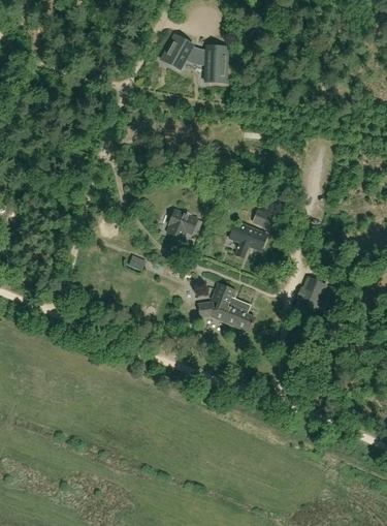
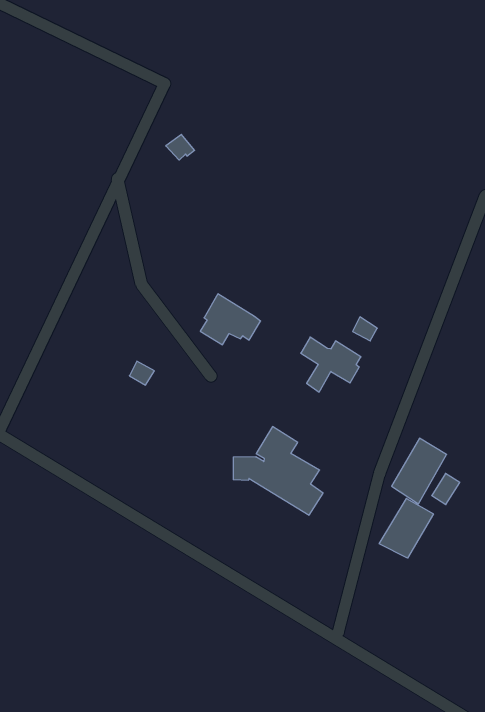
building: [163,35,228,83] -> none
building: none -> [379,498,433,558]

